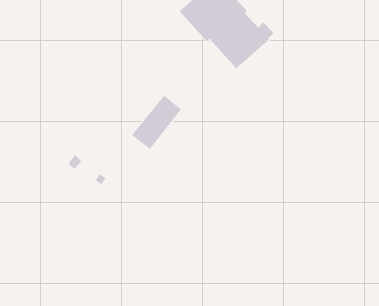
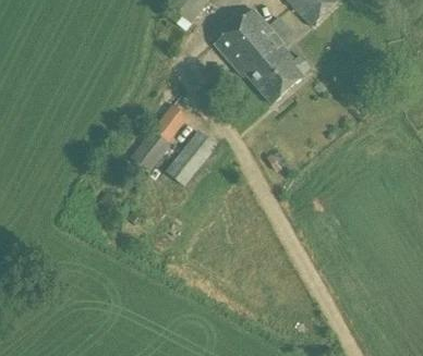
building: none -> [129,103,188,172]

